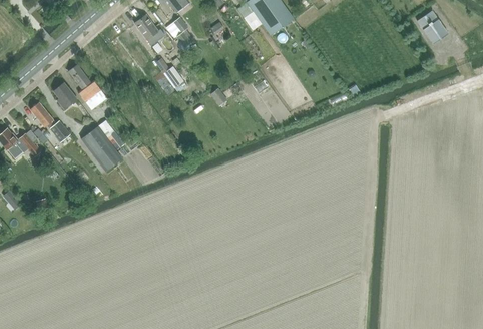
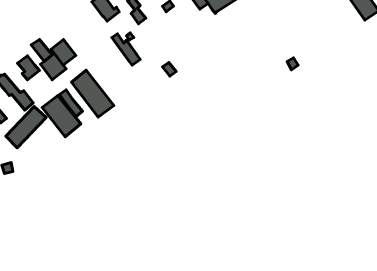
building: none -> [51,39,76,65]
building: none -> [71,70,114,117]
building: none -> [6,107,46,148]

